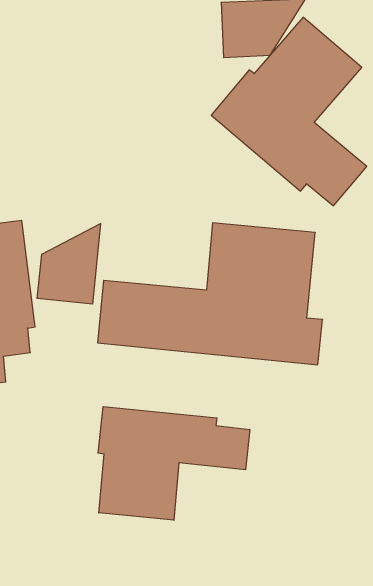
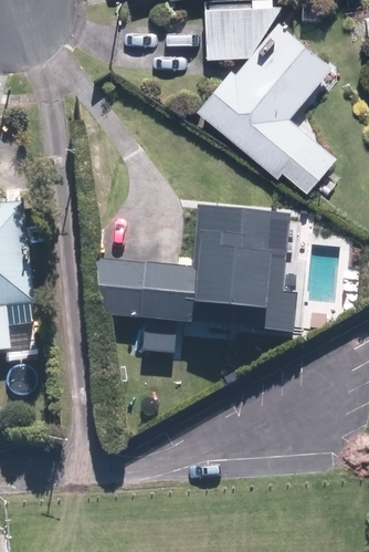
building: [37,224,101,304] -> none
building: [98,407,250,520] -> none

